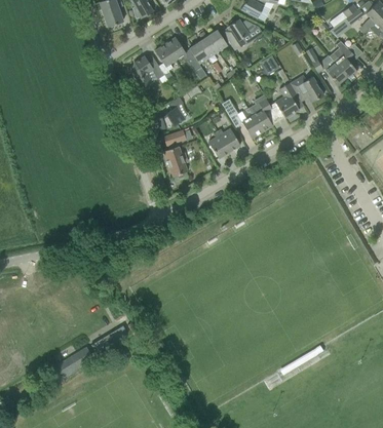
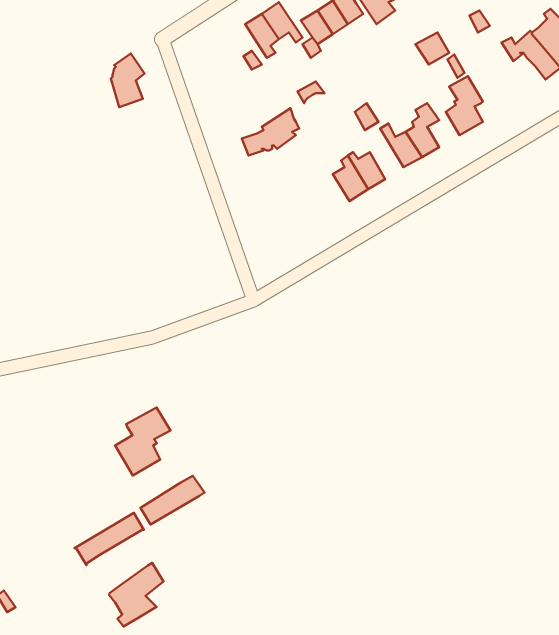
building: [132,55,153,88] -> [111,53,144,107]
building: [291,75,324,103] -> none
building: [163,129,188,176] -> none
building: none -> [115,407,170,475]
building: none -> [109,563,164,627]

